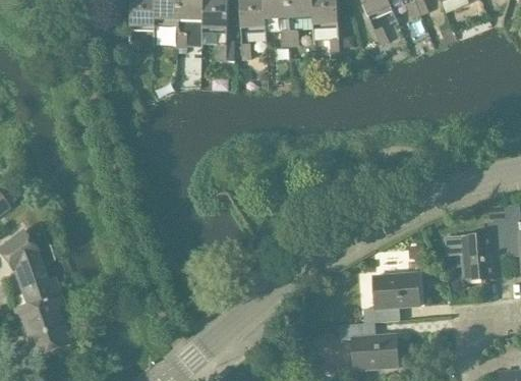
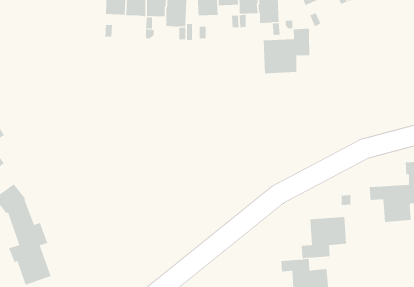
building: none -> [263,28,310,74]

